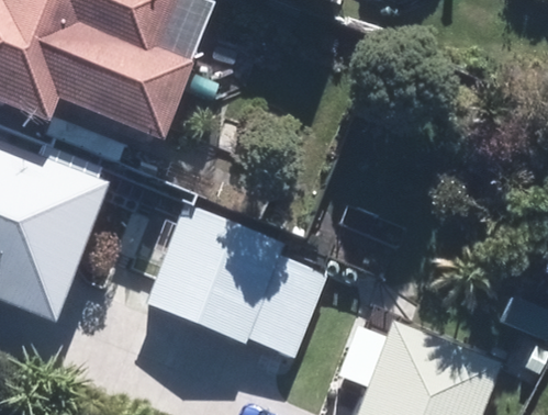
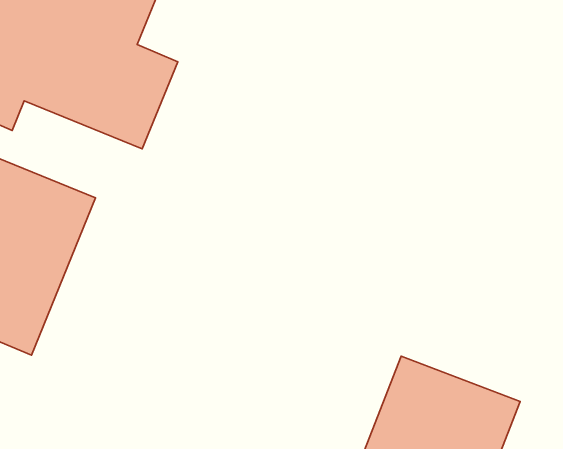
building: [146,205,331,357] -> none

